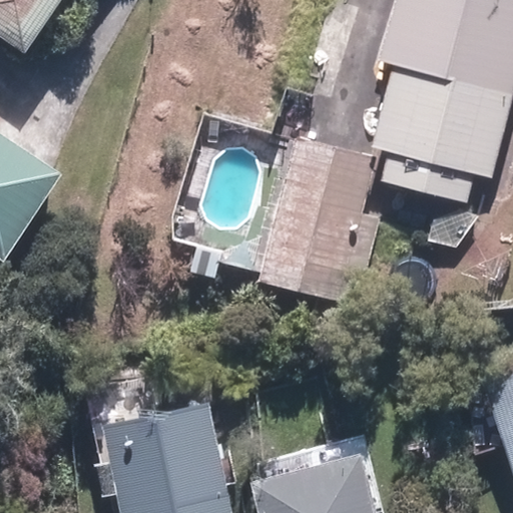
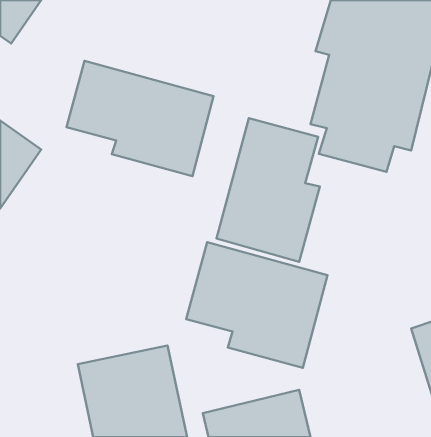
building: none -> [66,61,214,176]
building: none -> [186,242,328,368]

